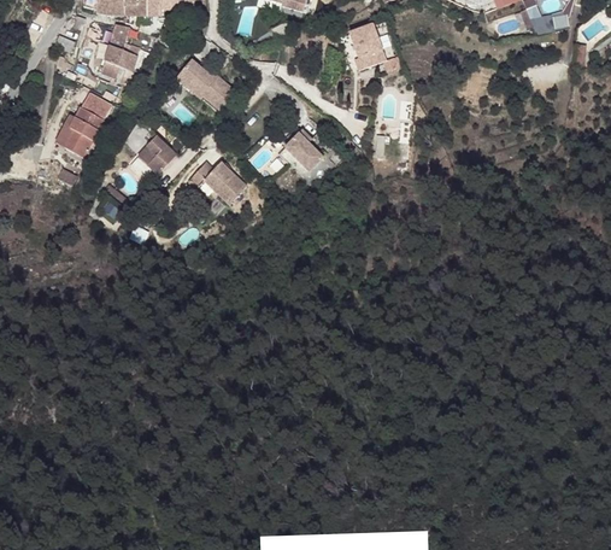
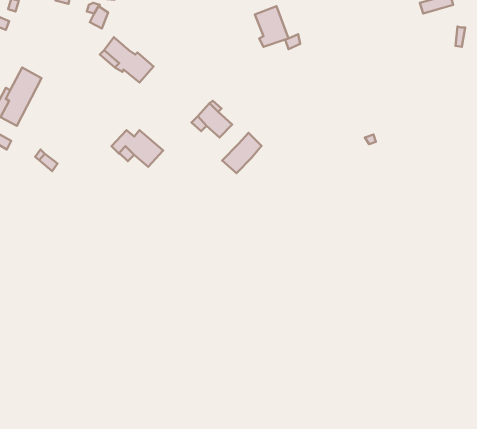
building: [100,23,149,77] -> none
building: [137,135,176,174] -> none
building: none -> [222,133,262,173]

